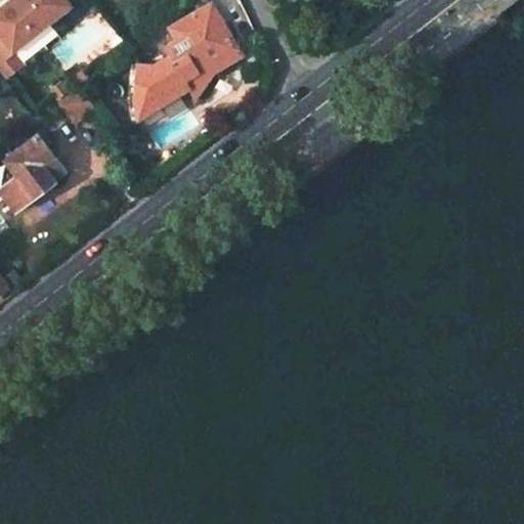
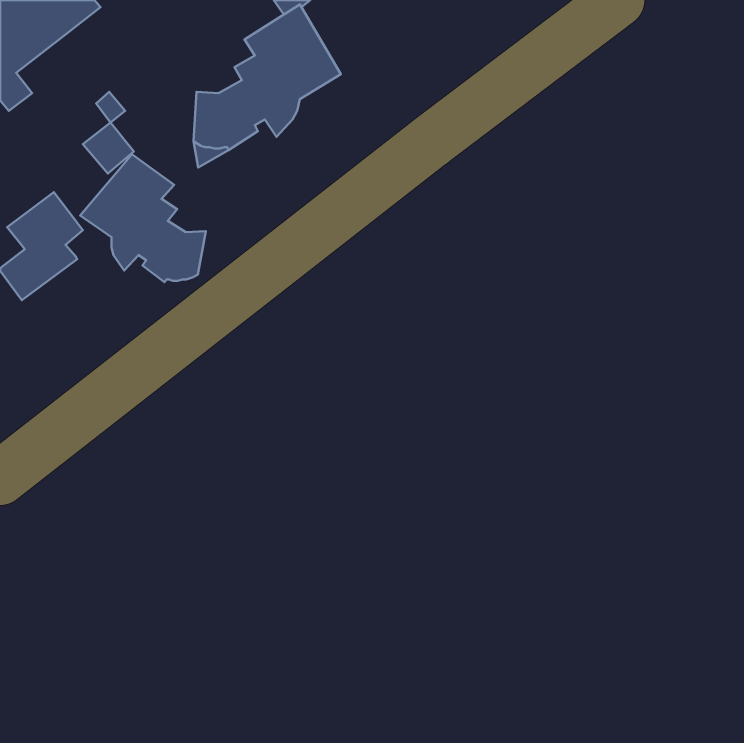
building: none -> [80,154,206,282]

